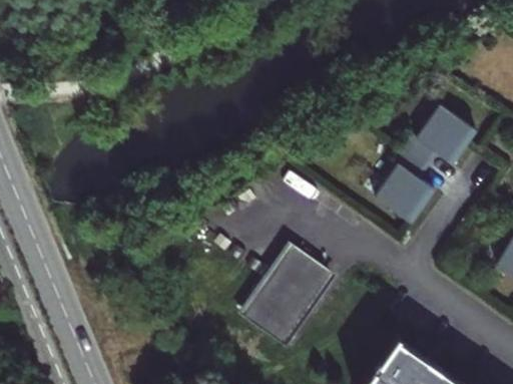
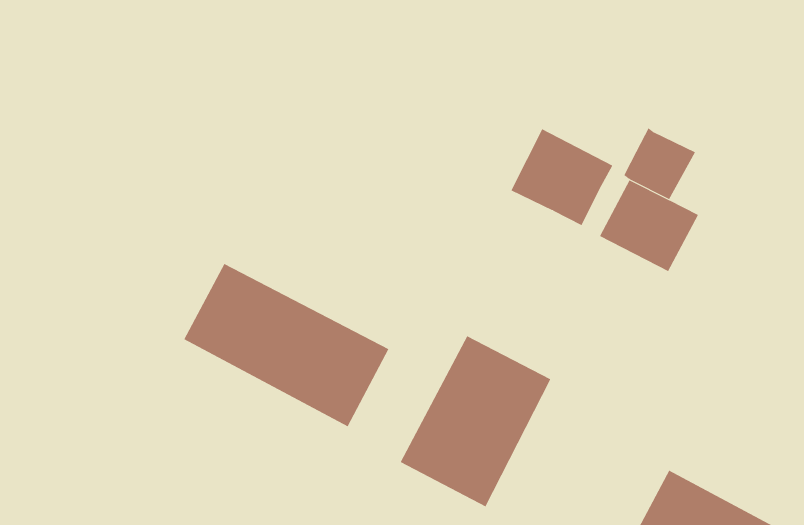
building: [414,103,476,163] -> [511,129,613,226]
building: none -> [184,263,389,427]

